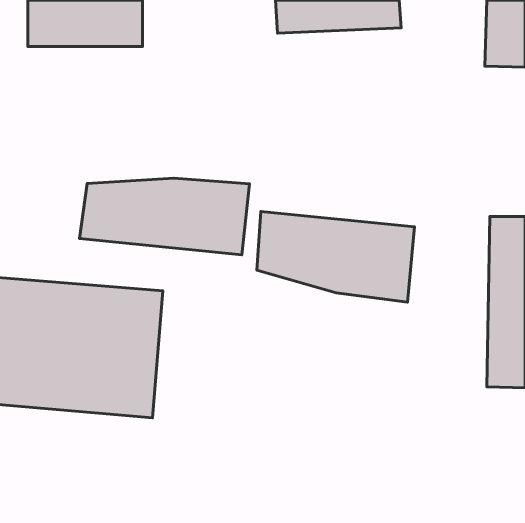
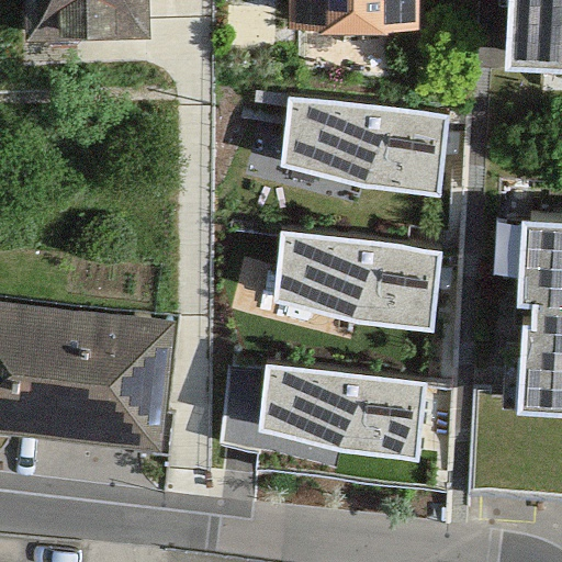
building: none -> [283,98,445,190]
building: [80,178,249,255] -> none
building: none -> [262,364,430,461]

